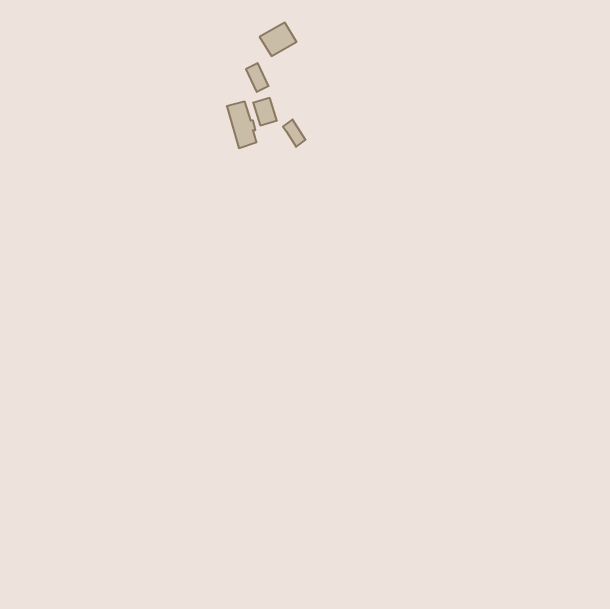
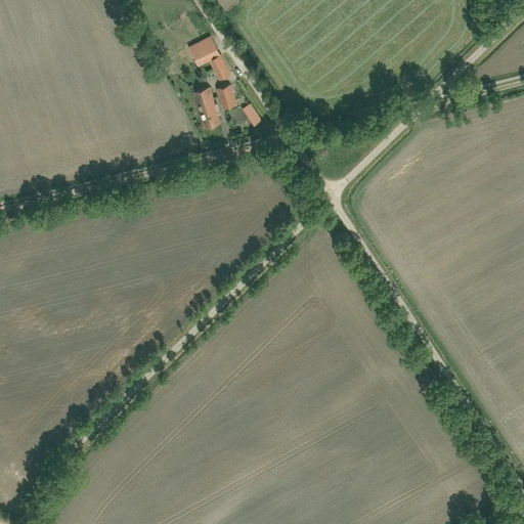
building: [260,23,297,56] -> [188,37,220,66]

